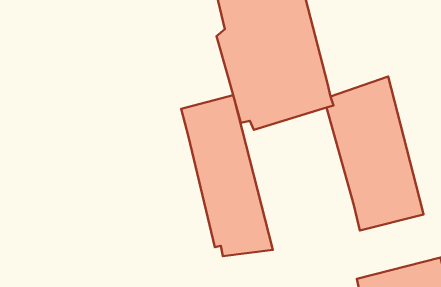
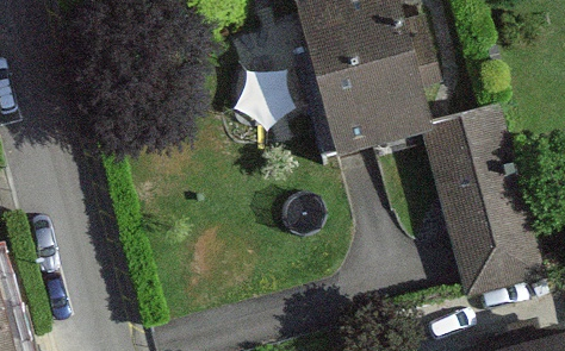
building: [181,95,273,256] -> none

